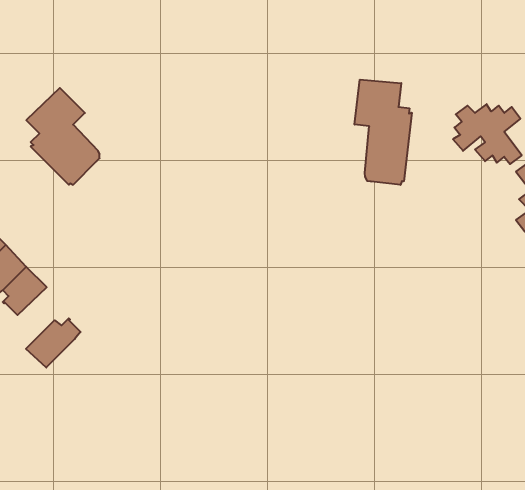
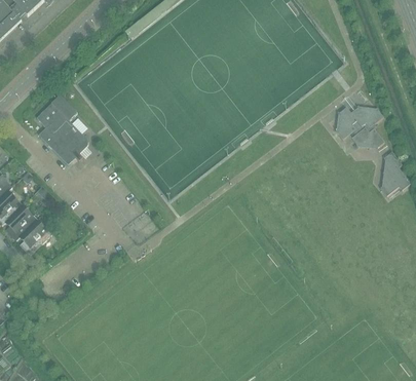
building: [355,80,412,185] -> none
building: [26,318,81,368] -> none

